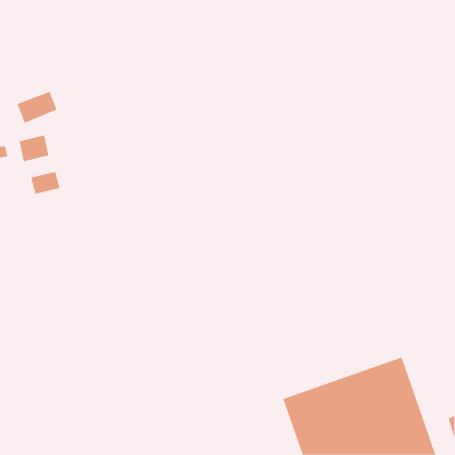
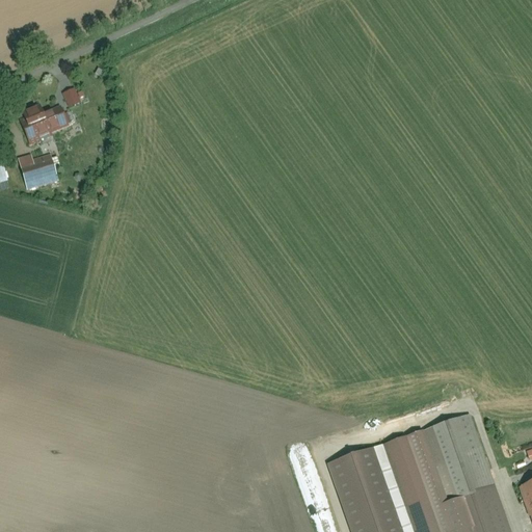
building: [30,171,60,195] -> none

